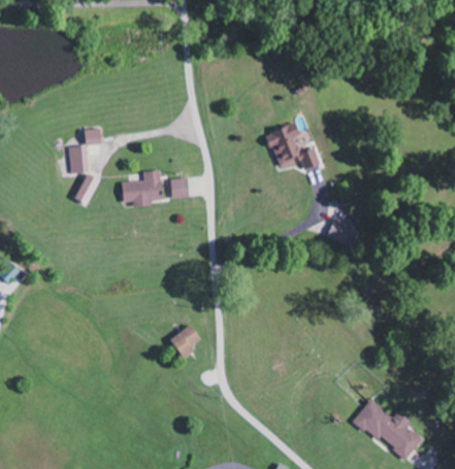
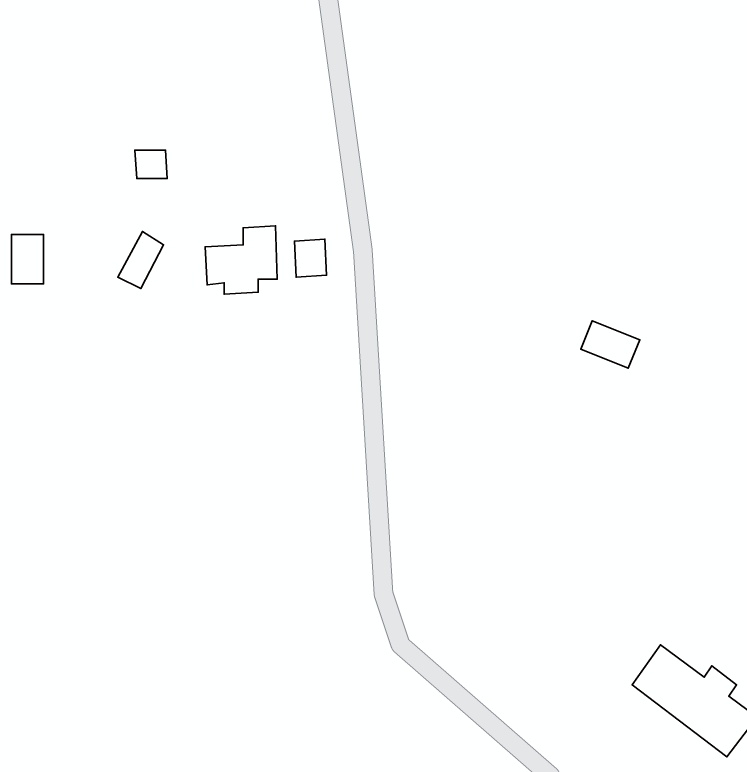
building: [266,124,319,170] -> none
building: [68,145,86,172] -> [11,235,44,284]
building: [169,323,201,357] -> none

